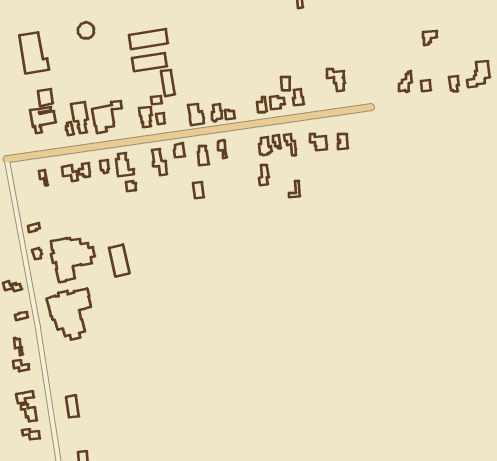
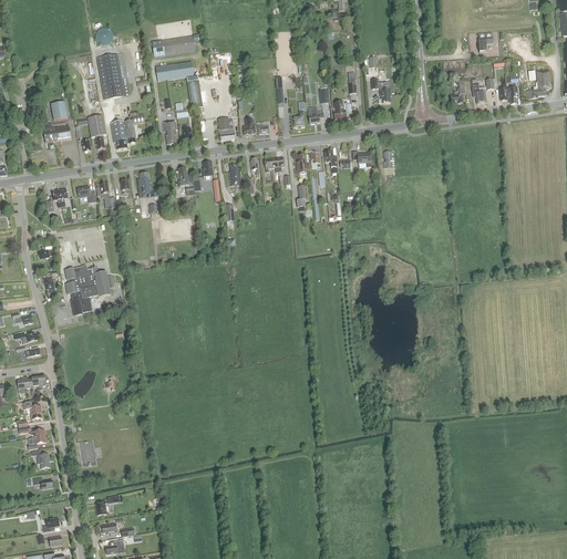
building: [19,32,49,73] -> [96,53,130,99]
building: [109,244,129,277] -> none
building: [47,288,91,340] -> none

